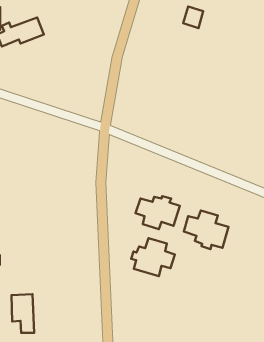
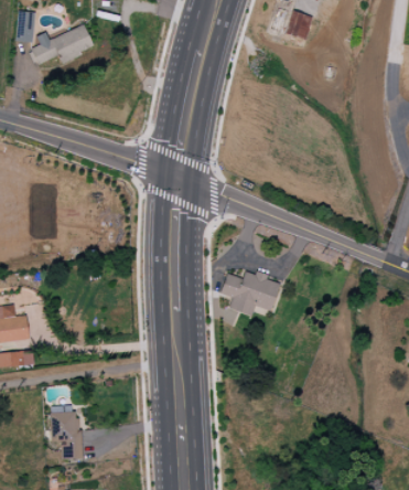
building: [184,211,228,249] -> none
building: [131,238,175,276] -> none

